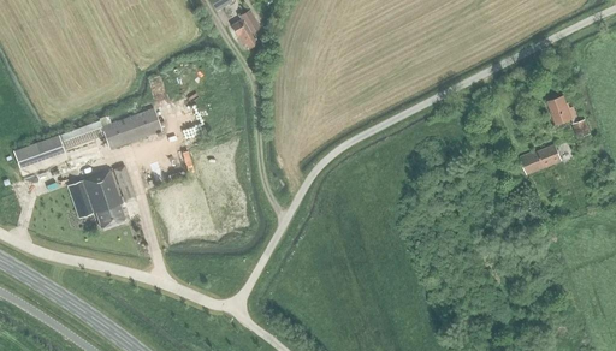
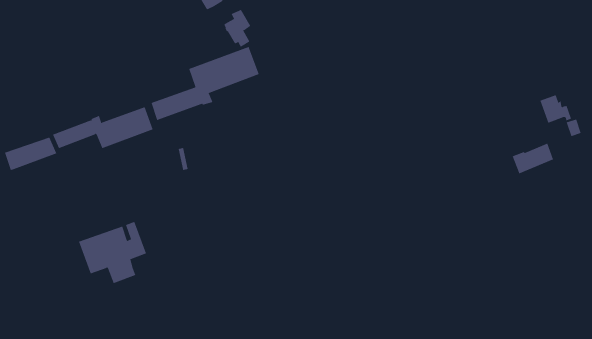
building: none -> [151,46,260,121]
building: [66,165,135,227] -> [78,221,147,284]

